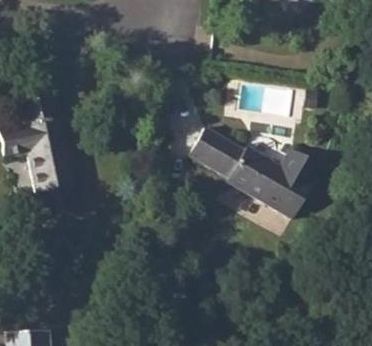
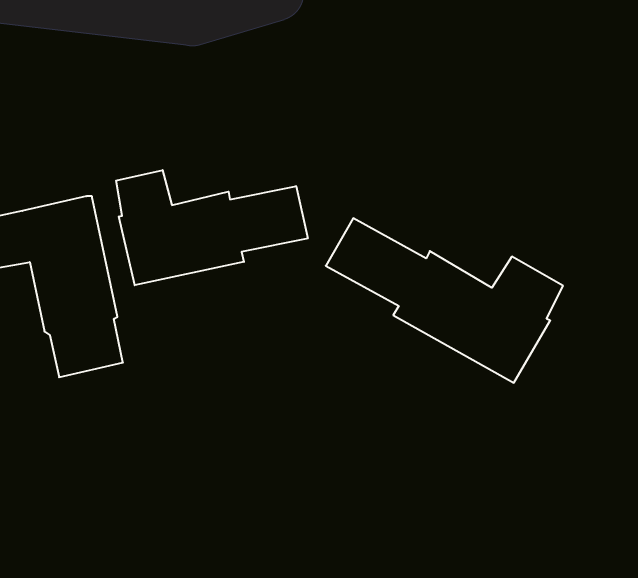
building: none -> [116,170,308,285]

